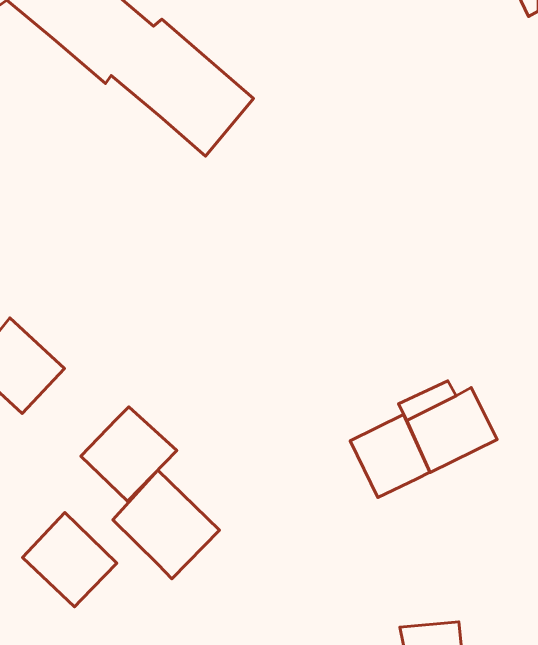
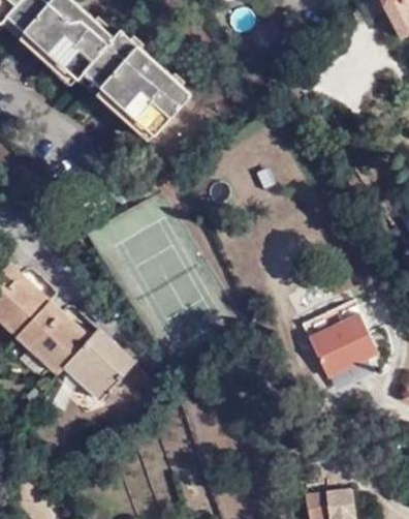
building: [350,415,430,498] -> none
building: [113,470,220,579] -> none
building: [22,512,117,607] -> [18,300,89,371]

